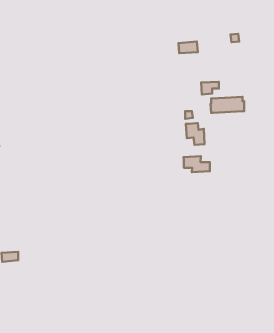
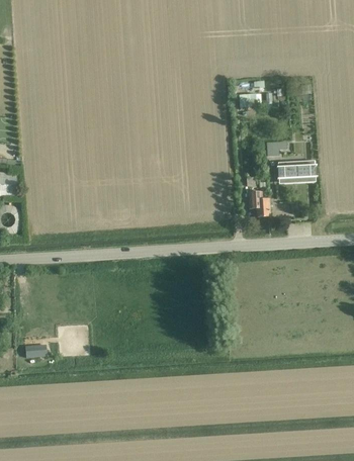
building: [184,156,210,172] -> none

